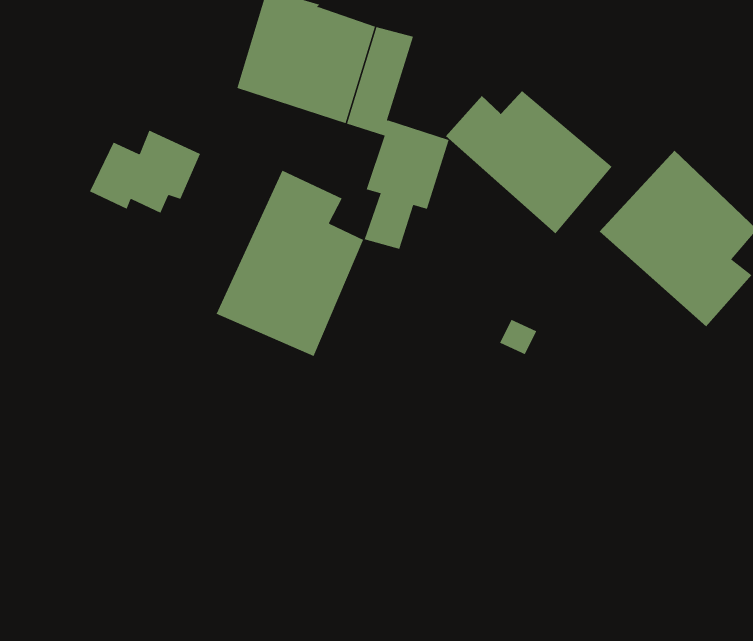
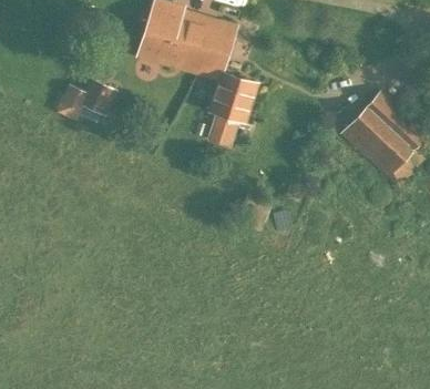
building: [445,90,612,234] -> none
building: [216,170,364,357] -> none

